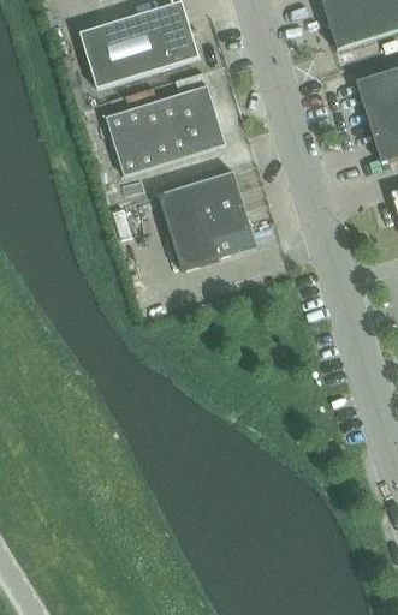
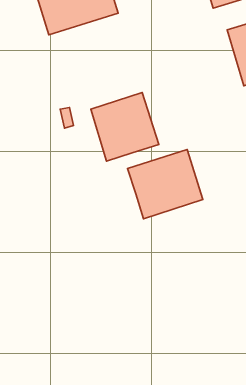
building: [108,84,226,174] -> none
building: none -> [127,149,203,219]

